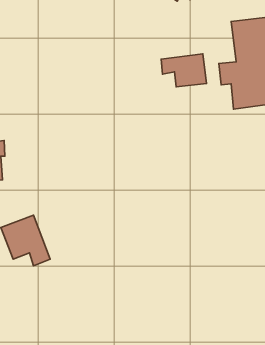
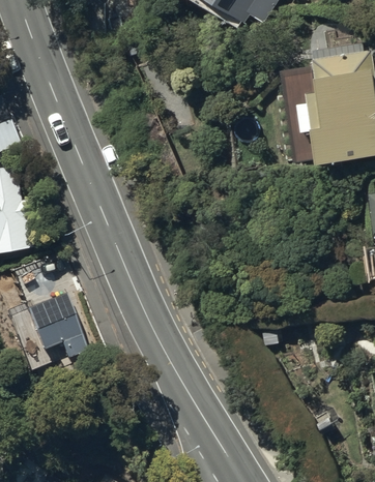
building: [161,54,206,87] -> none

